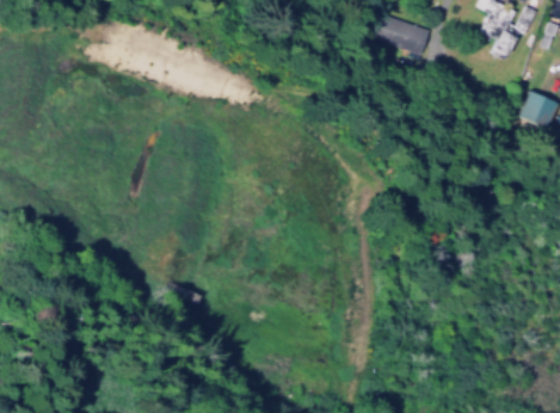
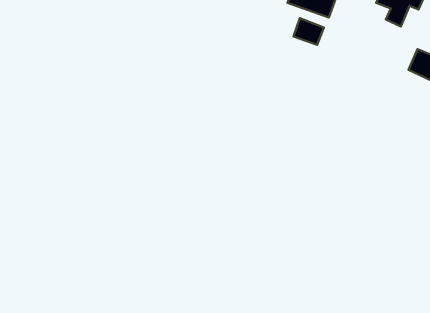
building: none -> [293,18,324,45]

